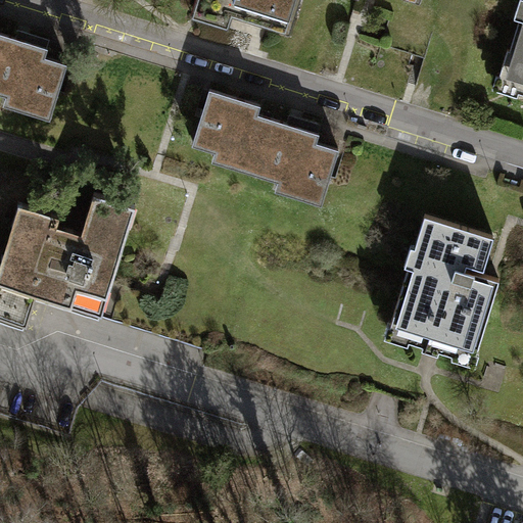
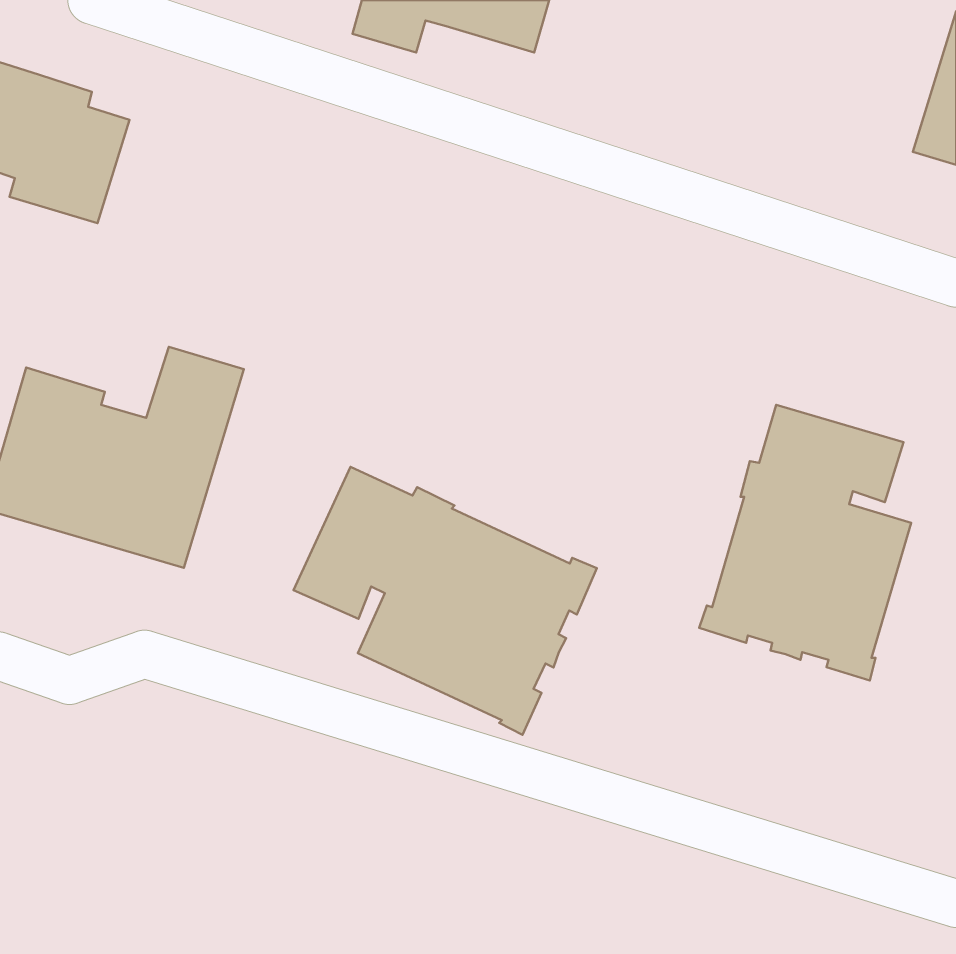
building: [196,87,338,199] -> none
building: none -> [294,467,597,735]

